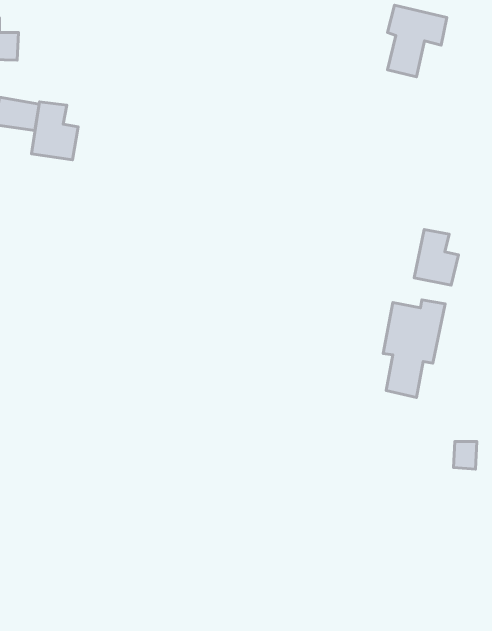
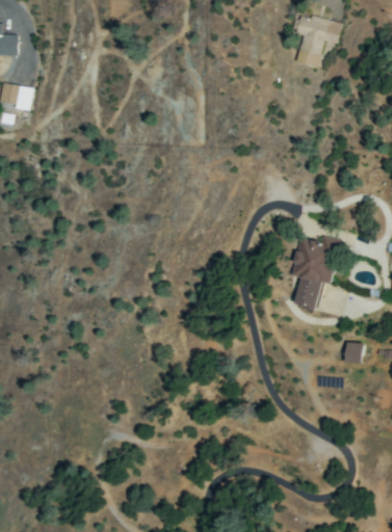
building: [32,102,78,160] -> none
building: [414,229,458,285] -> none

